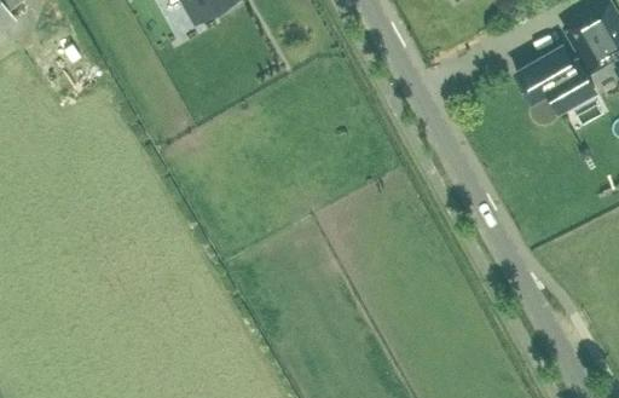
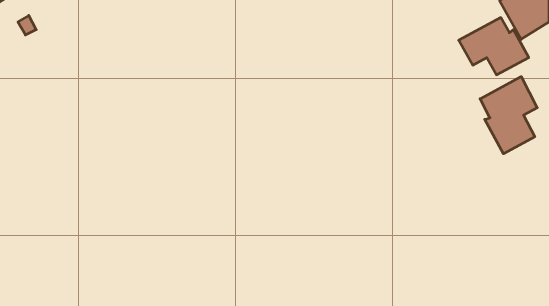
building: none -> [480,77,537,154]

